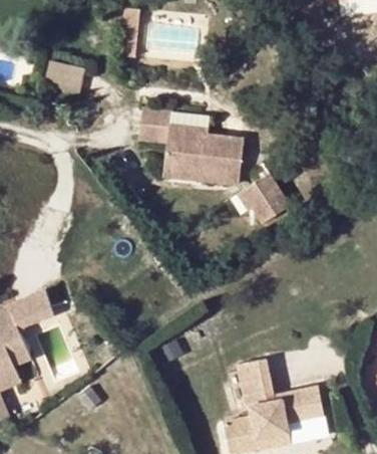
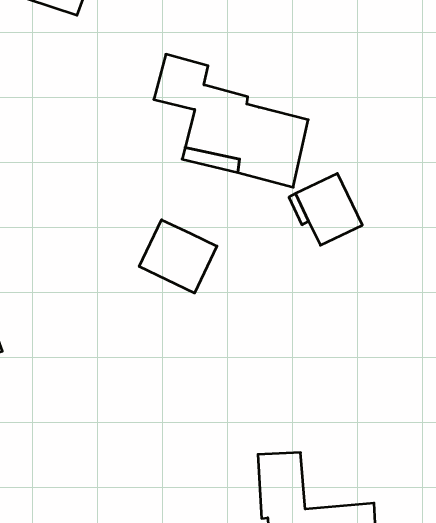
building: none -> [139,220,217,293]

